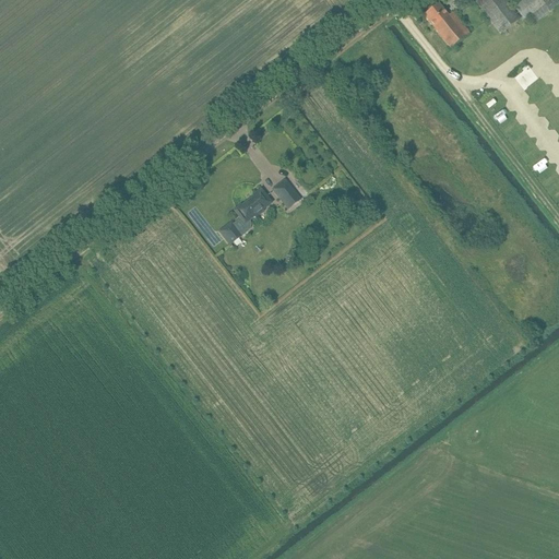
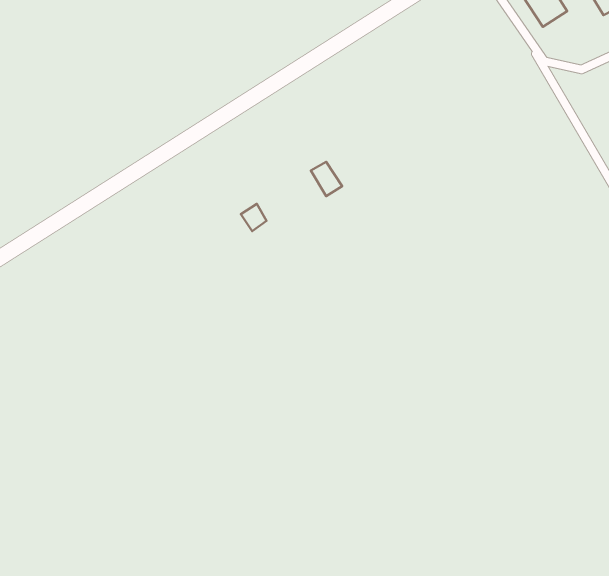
building: [236,188,270,219] -> none

